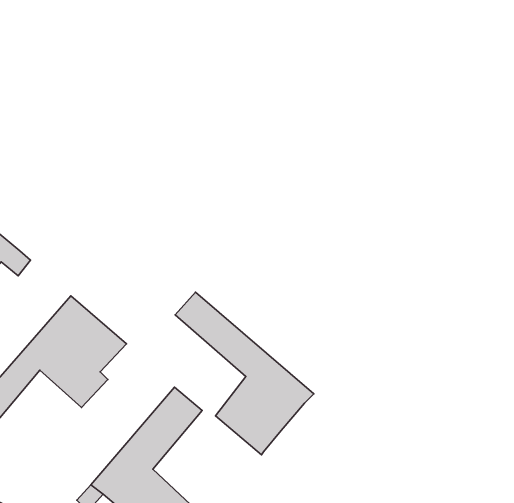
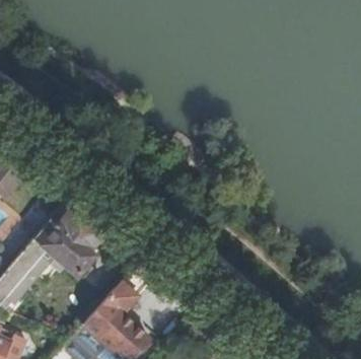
building: [175,292,314,455] -> none

